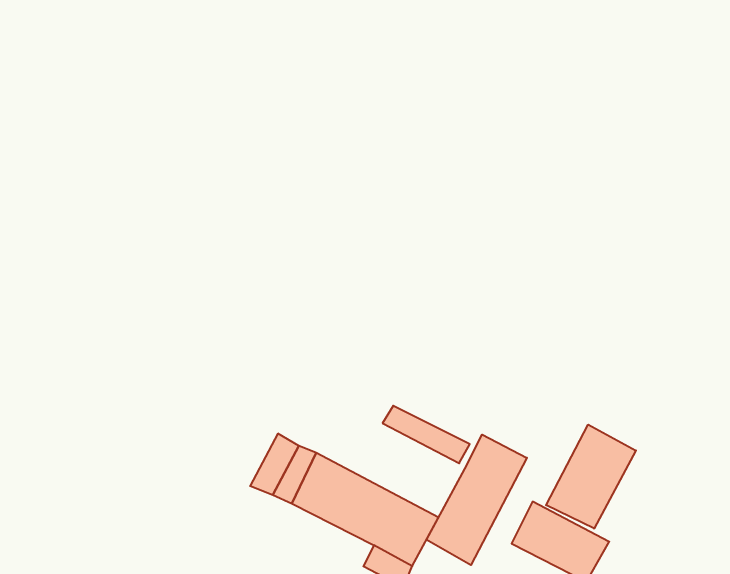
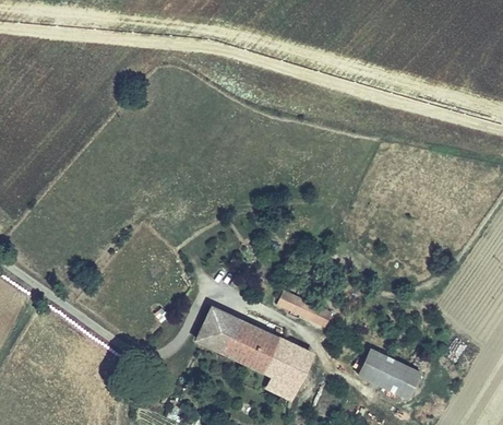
building: [546,425,636,529] -> none
building: [426,435,527,565] -> none

